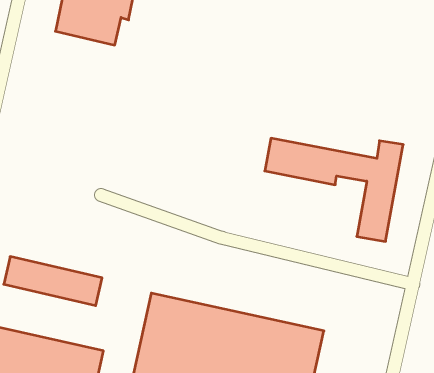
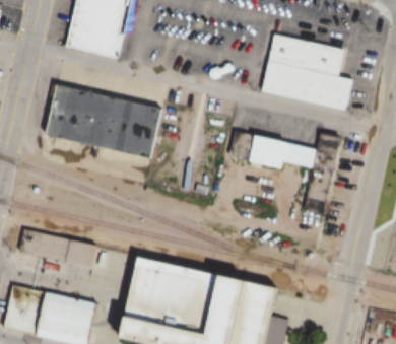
building: none -> [259,32,357,112]
building: none -> [39,83,154,158]

